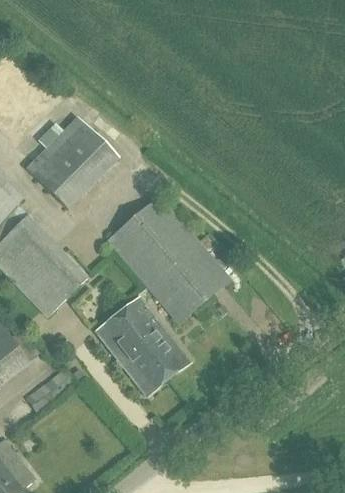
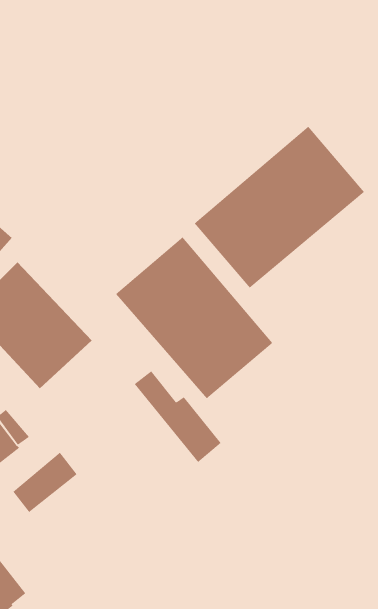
building: none -> [194,126,365,288]
building: [24,114,118,210] -> none
building: [98,312,171,390] -> none

